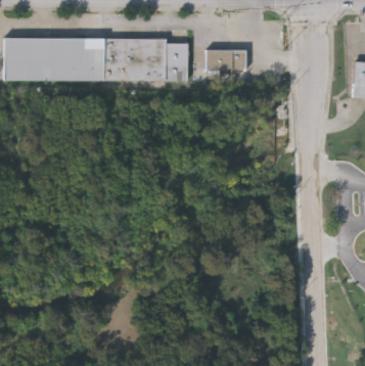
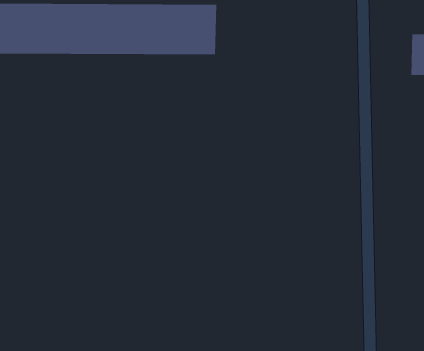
building: [207,49,246,70] -> none

